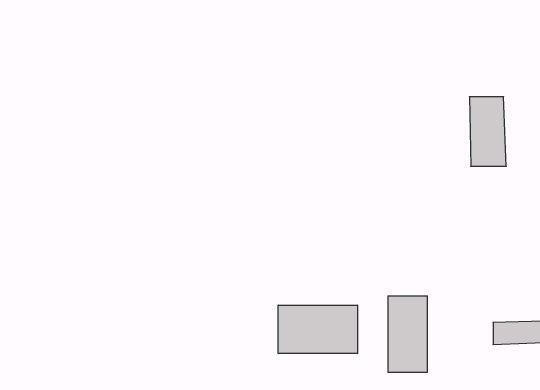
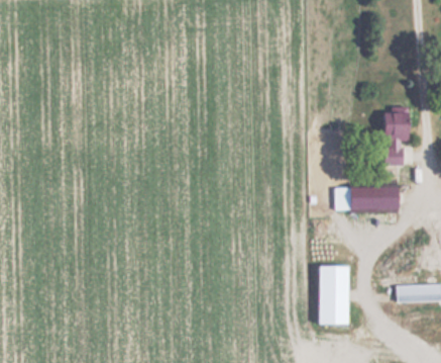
building: none -> [339,187,399,211]
building: [278,305,357,354] -> none

